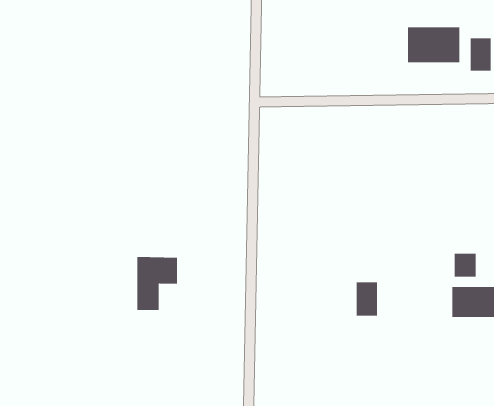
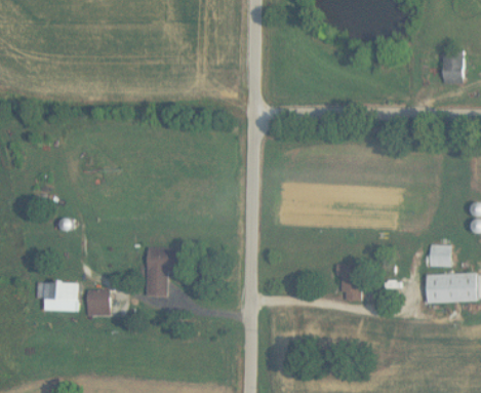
building: [407,27,460,63] -> none
building: none -> [41,281,78,311]
building: none -> [86,291,108,314]

